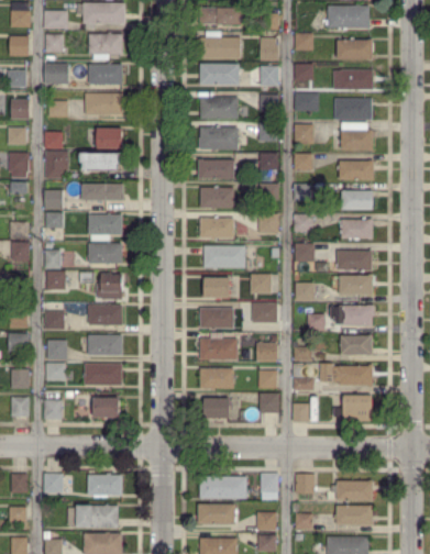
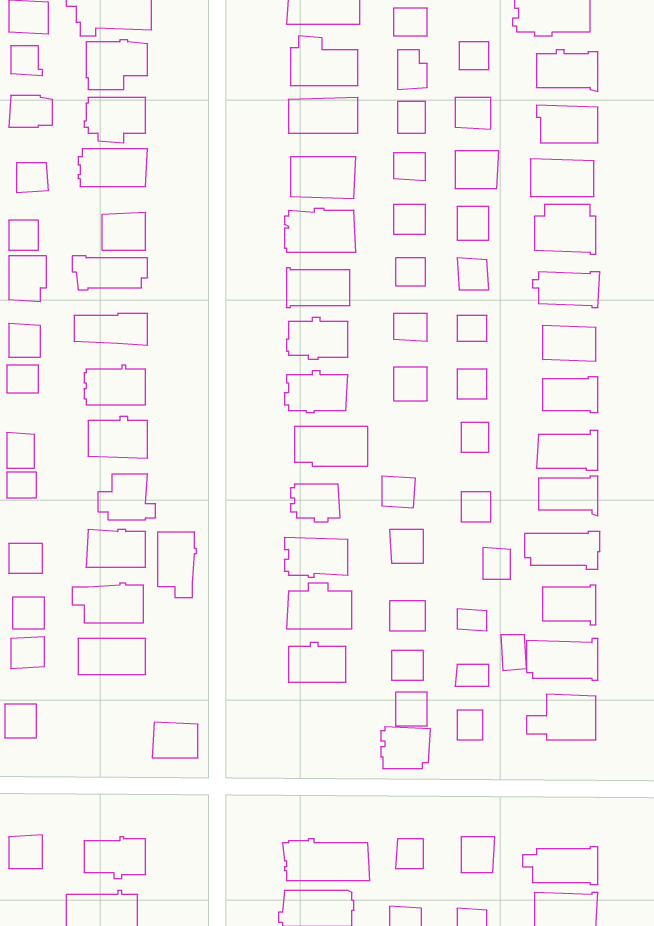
building: none -> [158,532,196,598]
building: [93,397,119,417] -> [152,722,198,758]
building: [202,398,230,421] -> [381,727,430,769]

